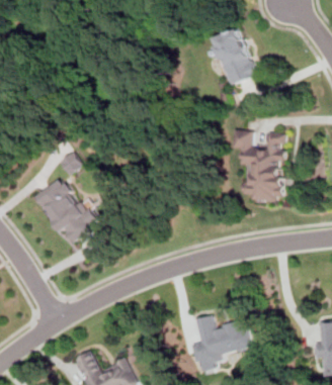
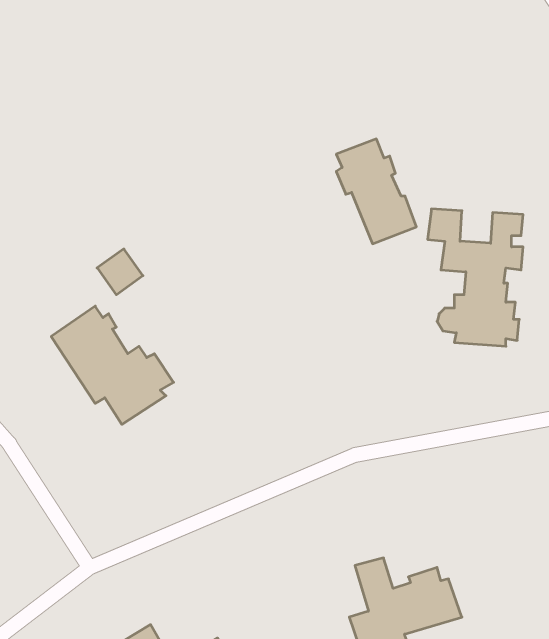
building: [216,29,258,85] -> [336,139,416,244]

